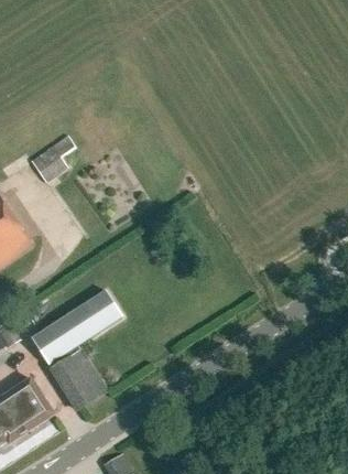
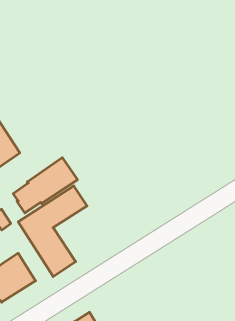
building: [31,137,75,184] -> none
building: none -> [13,158,77,213]

